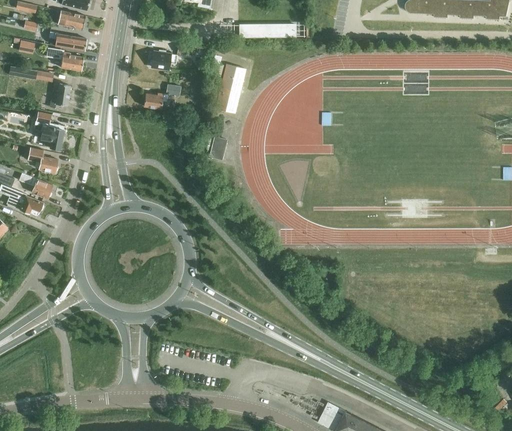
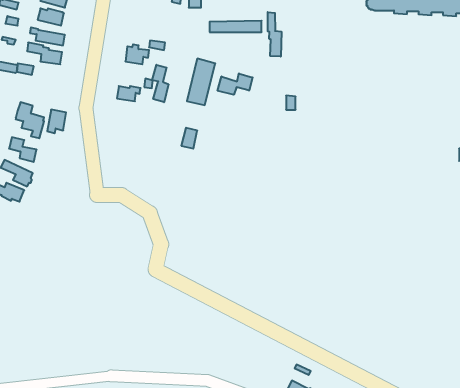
building: none -> [268,12,281,57]
building: none -> [152,65,168,102]
building: none -> [218,73,253,95]
building: [51,83,71,108] -> [47,110,66,133]

